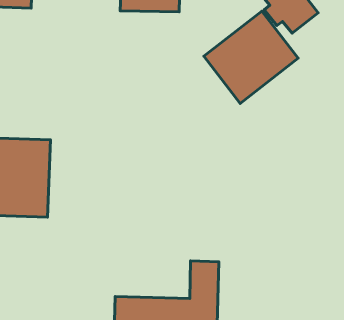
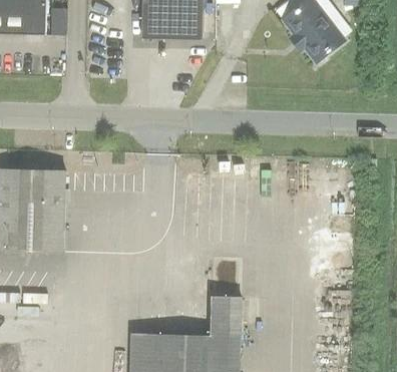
building: [204,11,298,104] -> none

